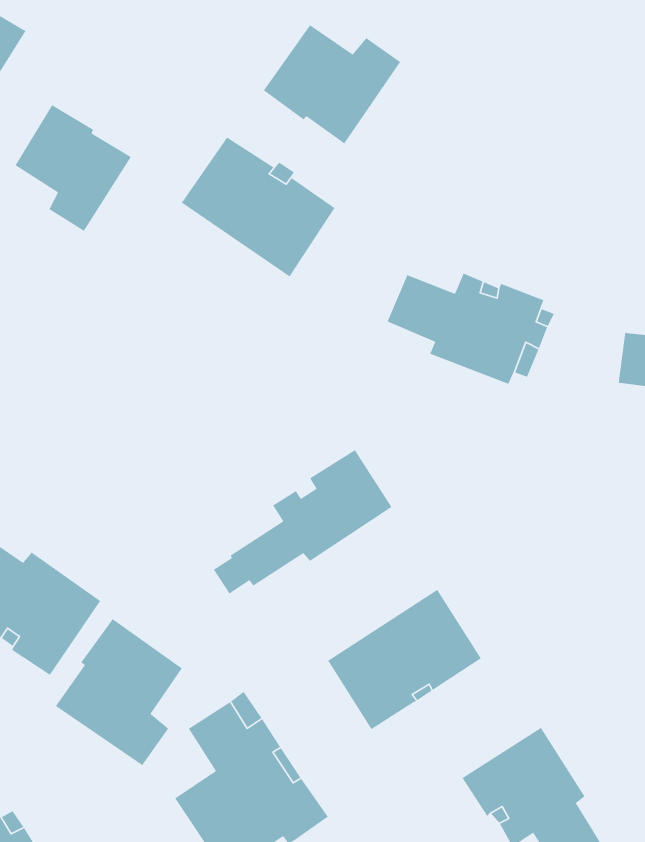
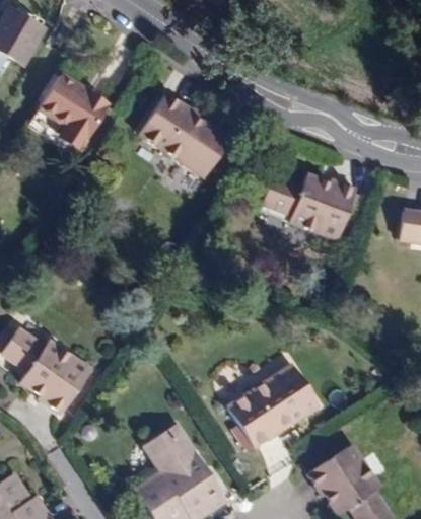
building: [263,24,401,145] -> none
building: [213,449,392,594] -> none
building: [55,618,183,766] -> none

